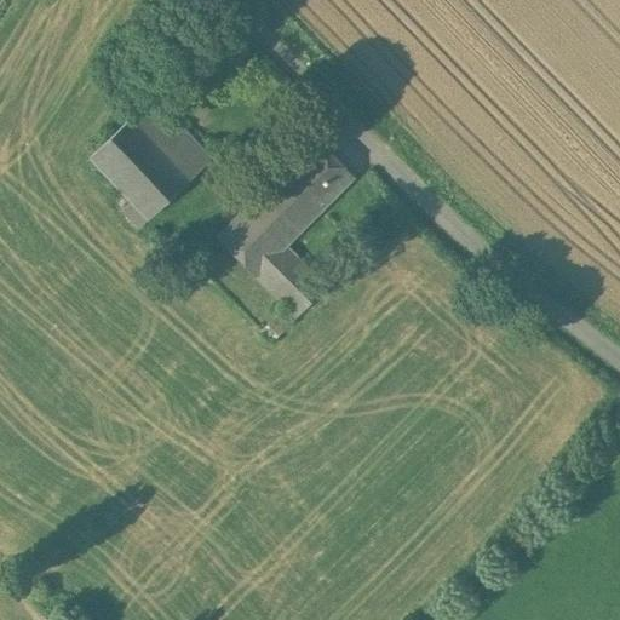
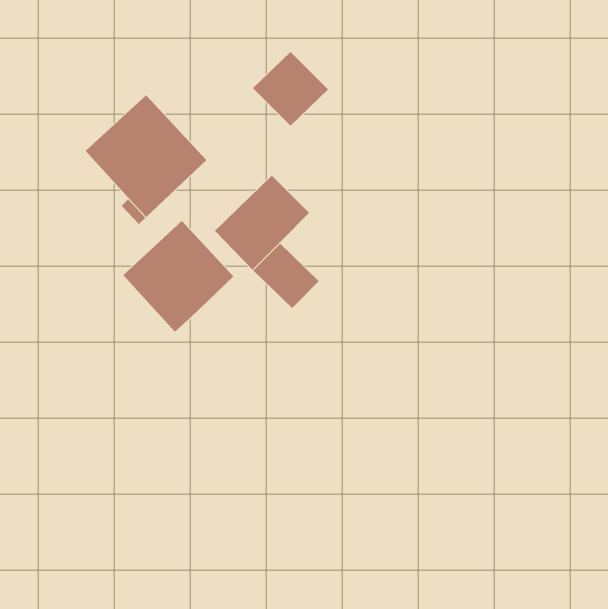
building: [279,142,356,218] -> [252,51,329,127]
building: none -> [123,220,234,333]

